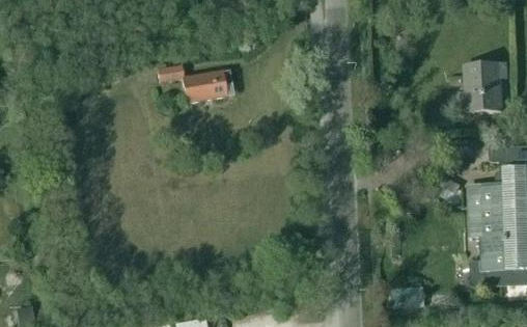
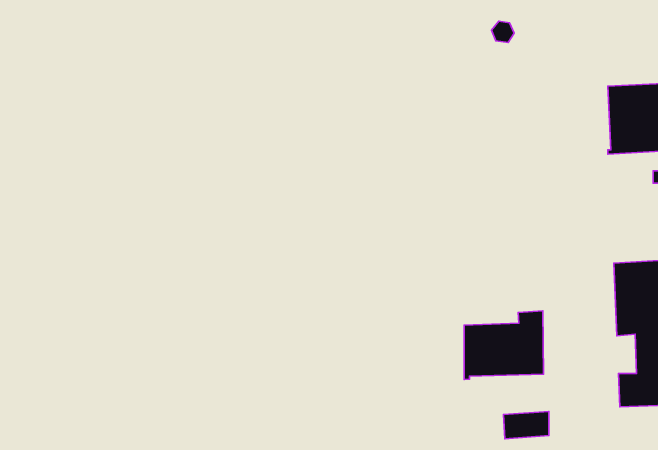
building: [157,64,231,103] -> none
building: none -> [464,311,543,380]

